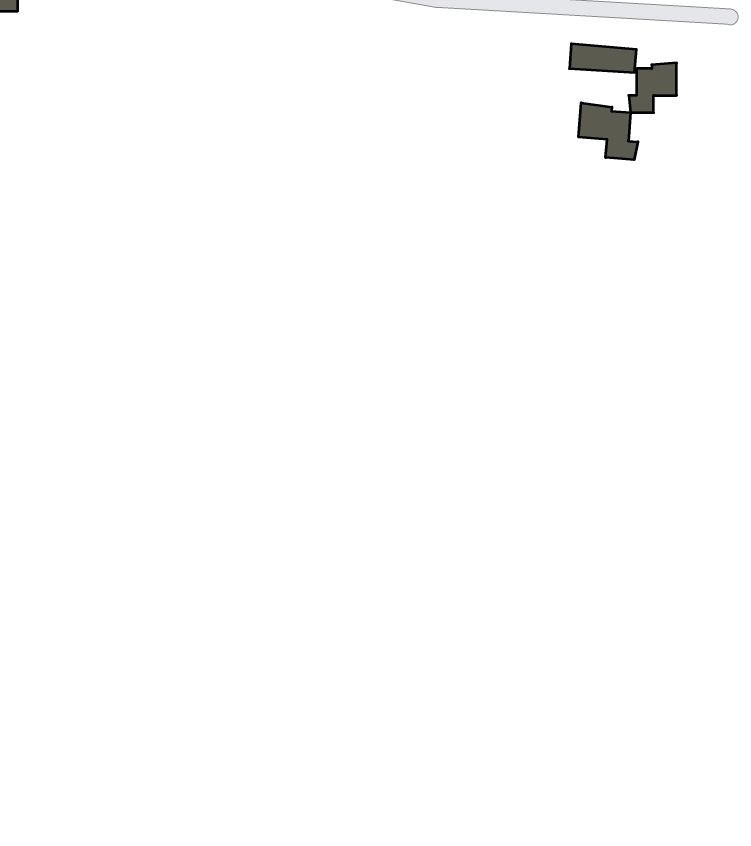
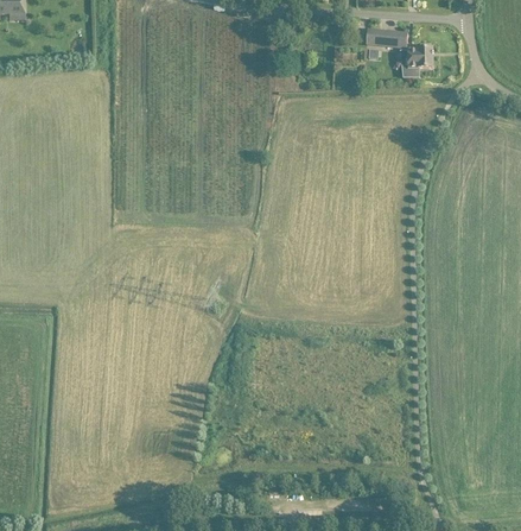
building: [579,103,638,160] -> none

